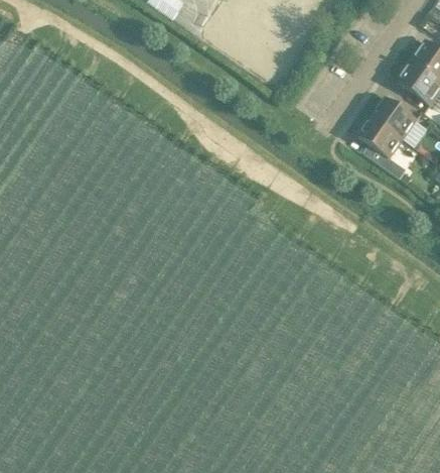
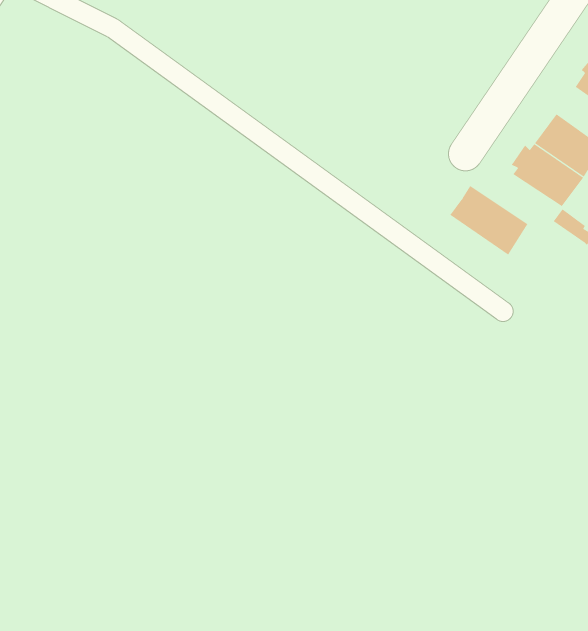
building: none -> [449,185,528,256]

